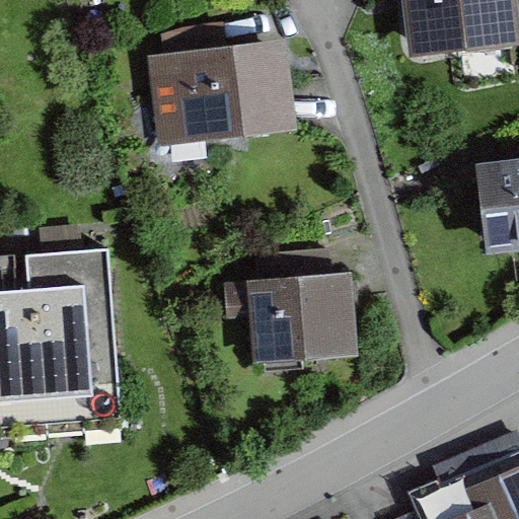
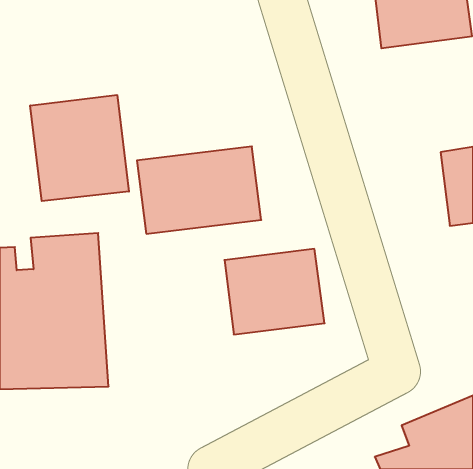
building: [156,46,292,141] -> [137,146,261,234]
building: none -> [30,95,129,201]

